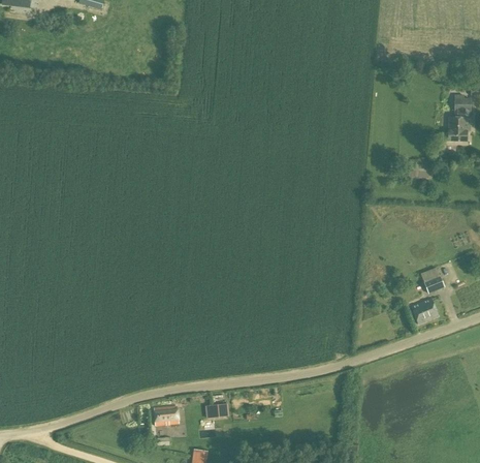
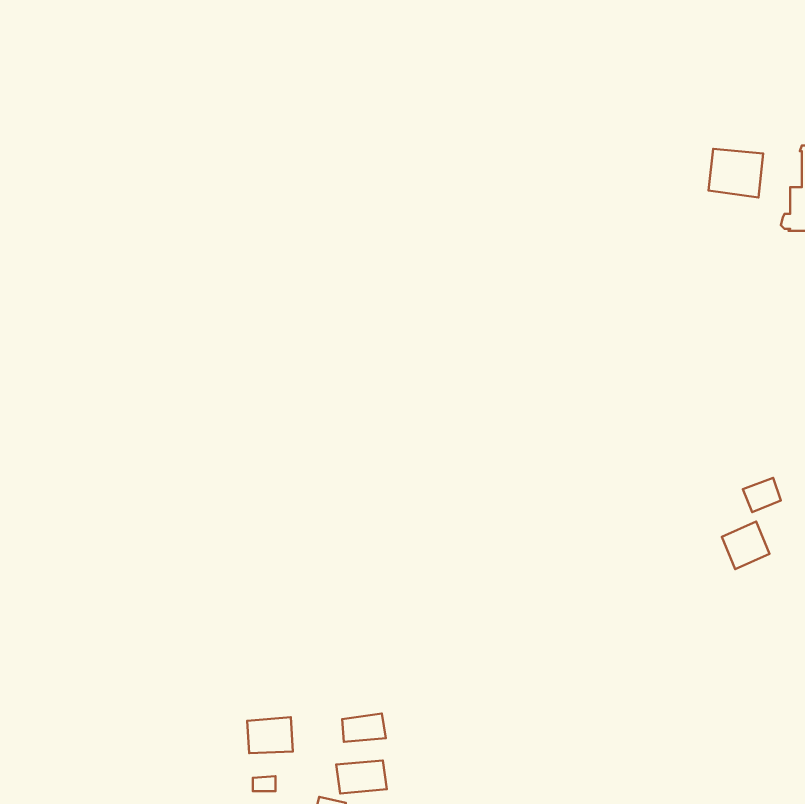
building: none -> [709,149,763,197]
building: none -> [336,760,387,793]

